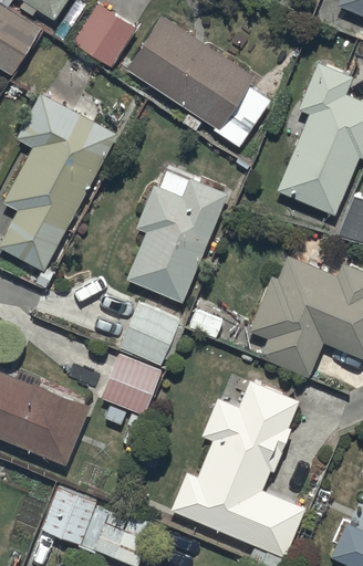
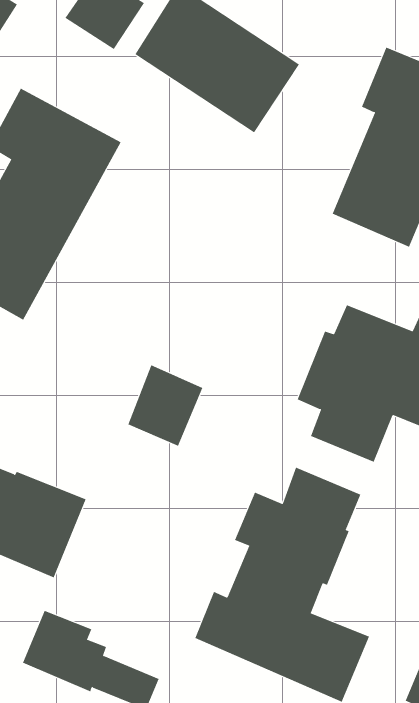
building: [128,171,226,301] -> none
building: [103,356,160,413] -> none

